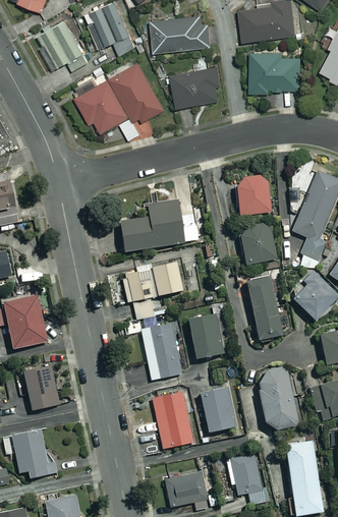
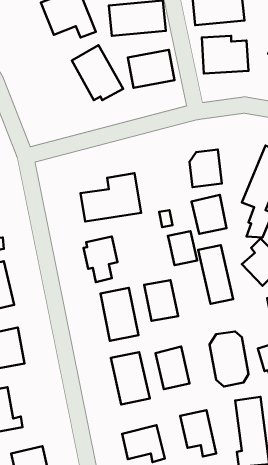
building: [39,19,89,70] -> none
building: [75,78,140,139] -> none
building: [152,258,183,295] -> [168,231,197,265]

